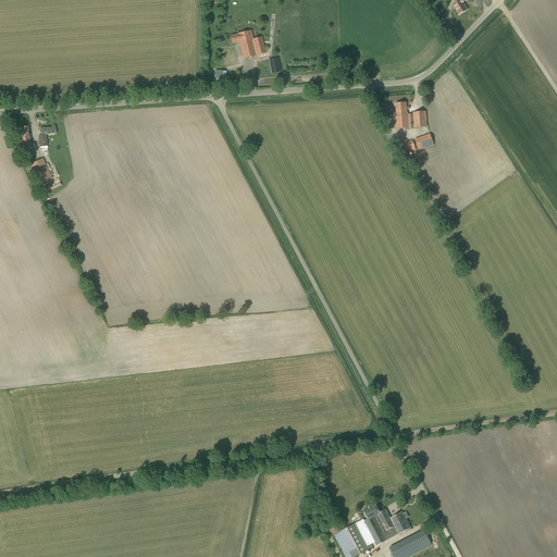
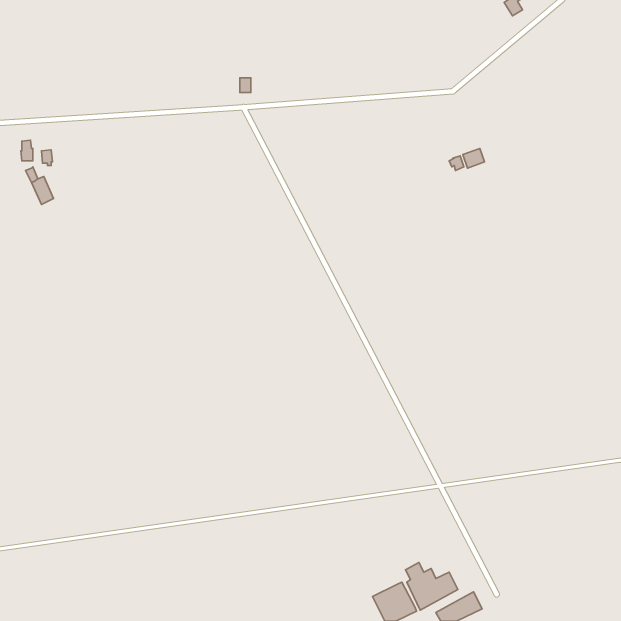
building: [230,29,264,58] -> none
building: [394,101,425,128] -> none

